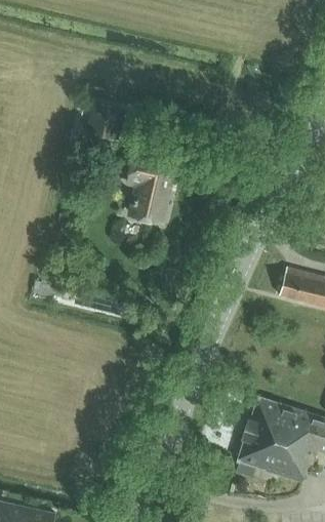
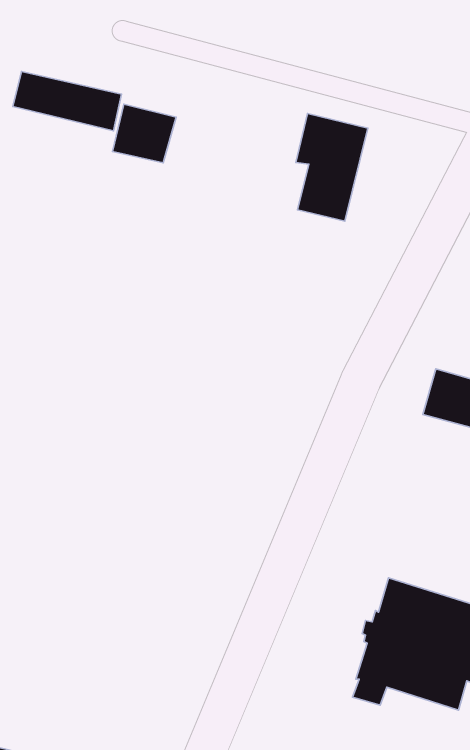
building: none -> [13,72,122,131]
building: [130,153,175,220] -> [296,113,368,221]

